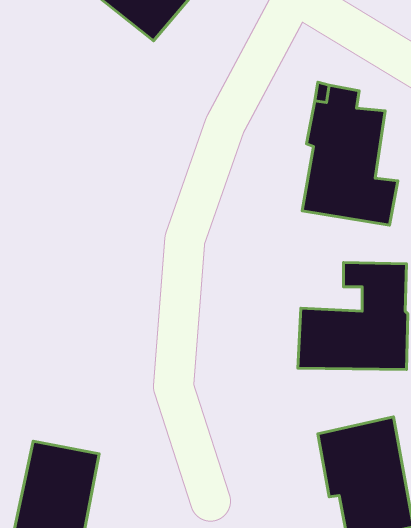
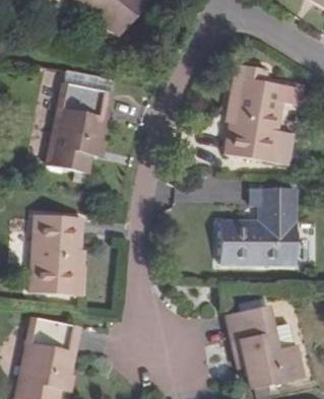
building: none -> [45,83,110,173]
building: none -> [29,214,83,295]

